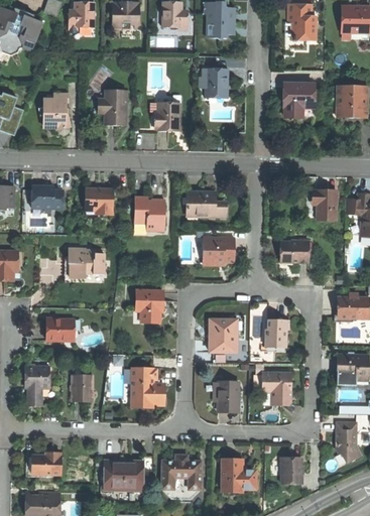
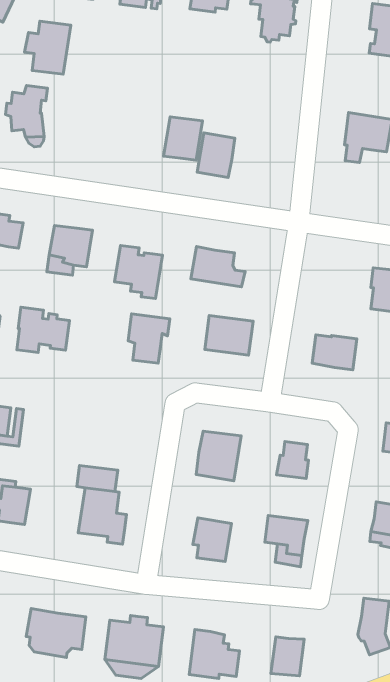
building: [205,69,228,98] -> [197,133,235,178]
building: [96,90,126,125] -> [24,21,71,74]
building: [135,290,162,322] -> [128,314,170,363]

